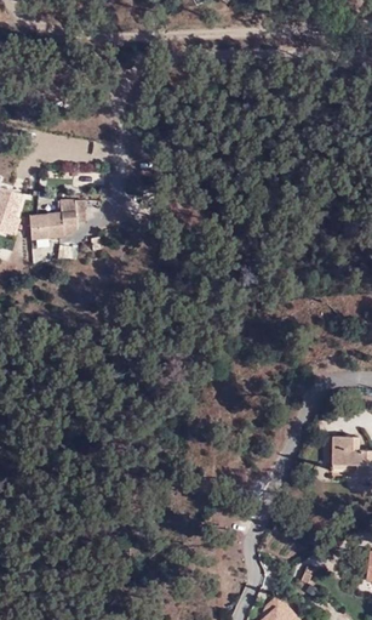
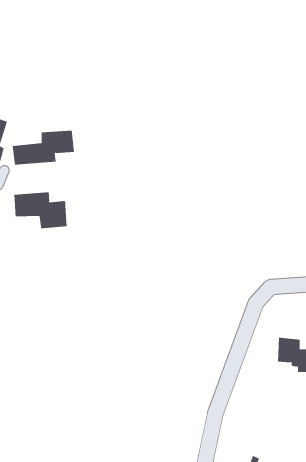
building: none -> [14,192,67,229]

